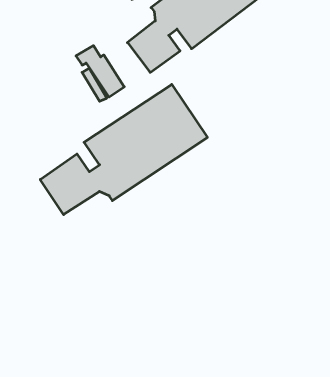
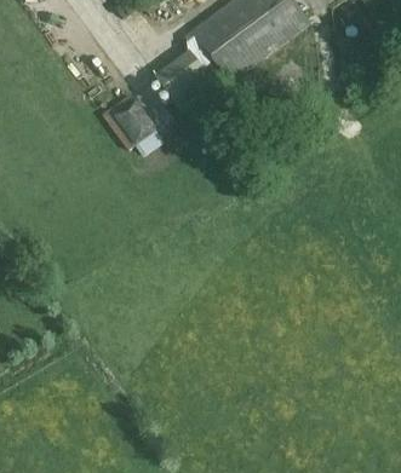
building: [40,84,207,215] -> none

